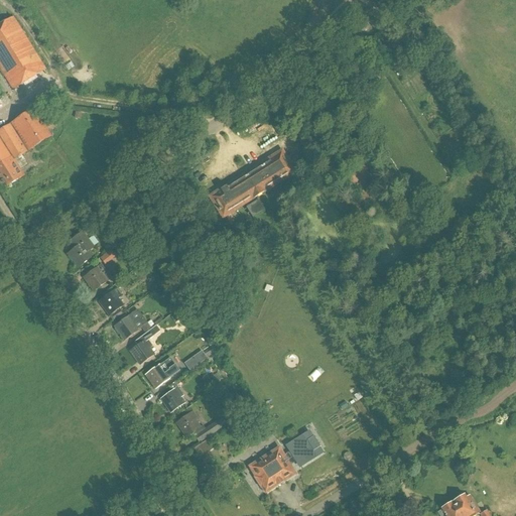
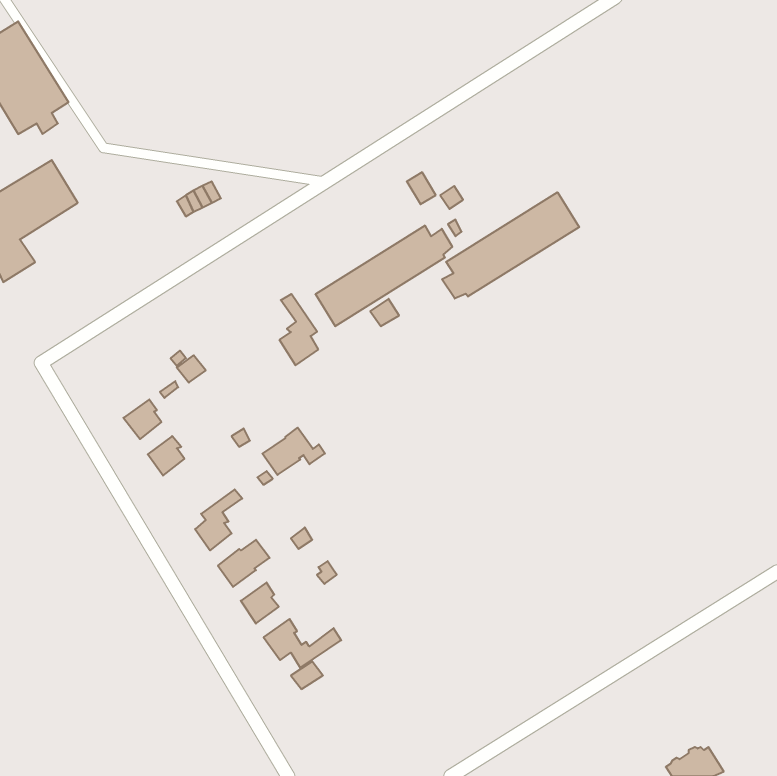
building: none -> [442,192,579,299]
building: none -> [280,294,318,365]
building: [67,230,94,266] -> none
building: [113,307,154,339] -> [262,428,325,475]
building: [250,430,320,491] -> none

